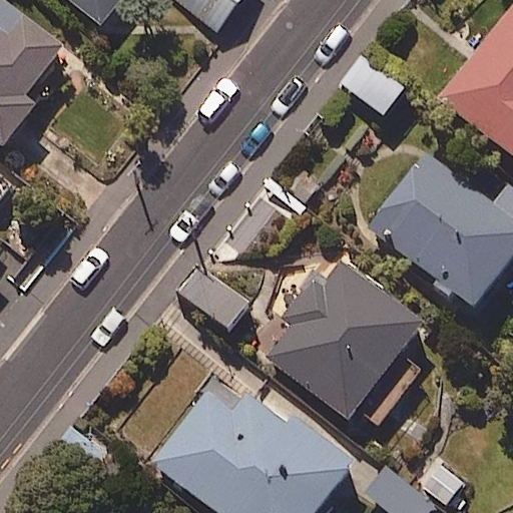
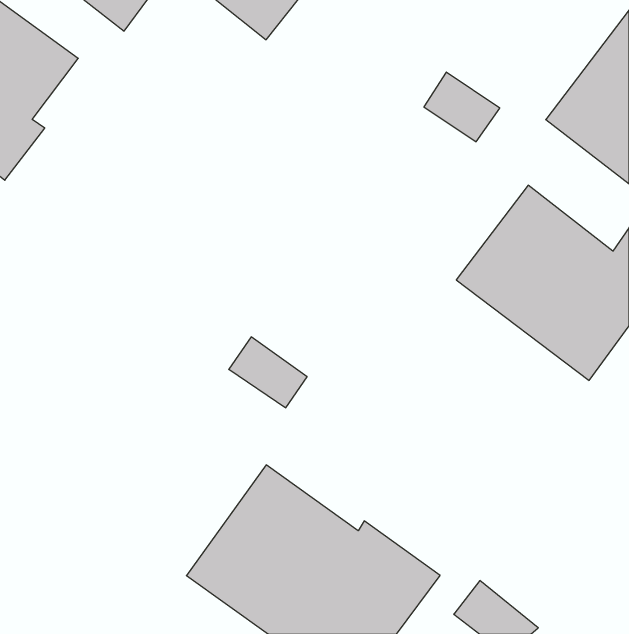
building: [266,260,423,423] -> none

